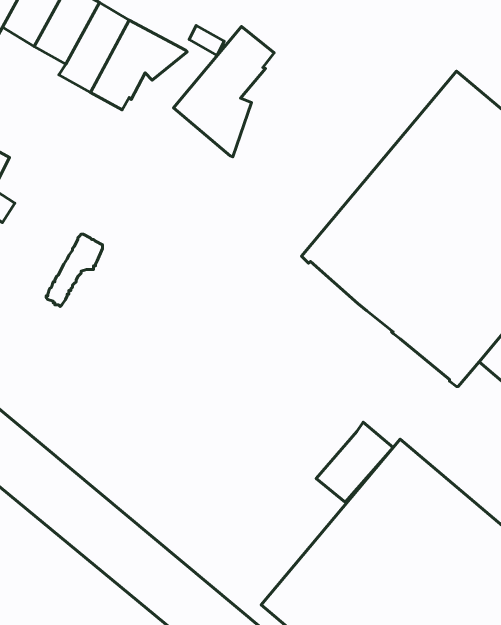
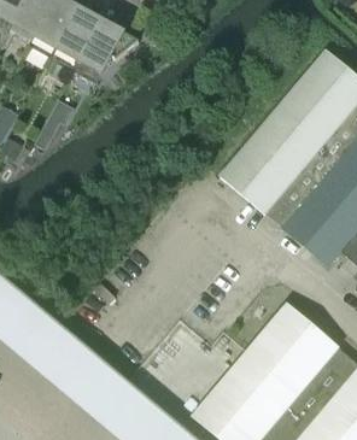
building: [173,26,274,157] -> none
building: [46,234,102,306] -> [35,98,74,147]
building: [316,422,393,502] -> none

